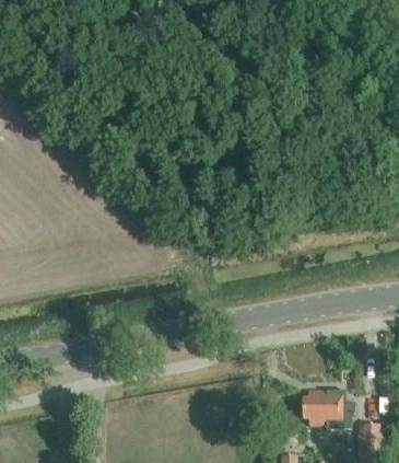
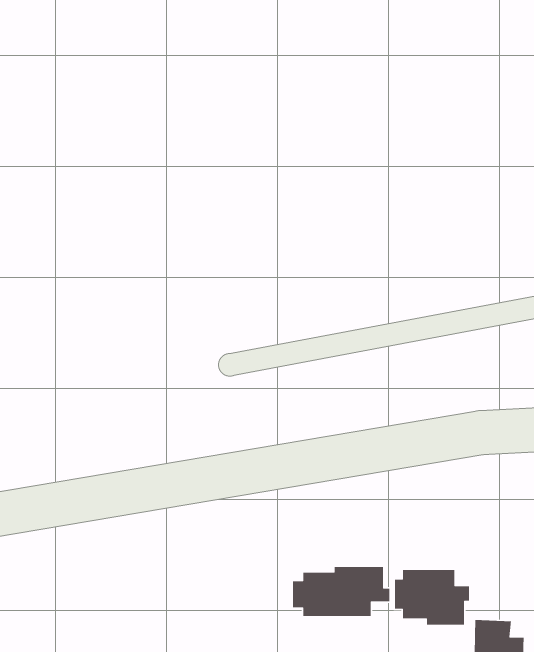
building: none -> [292,566,390,617]

